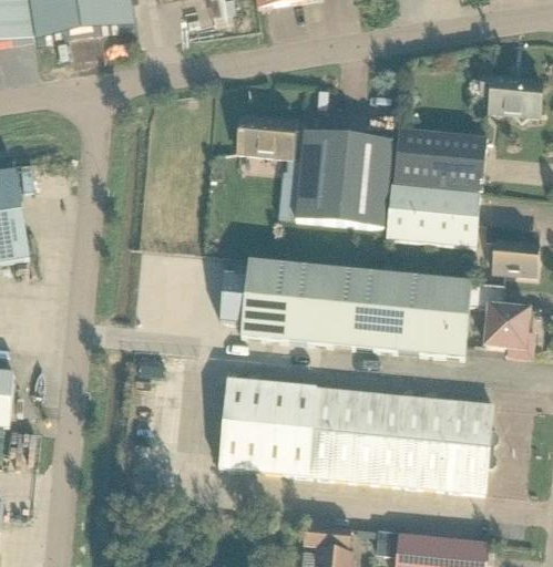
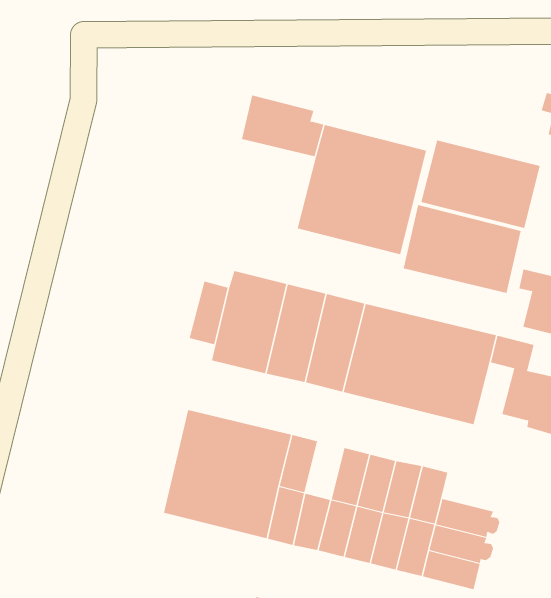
building: [332,390,359,436] -> none
building: [446,400,491,426] -> none

